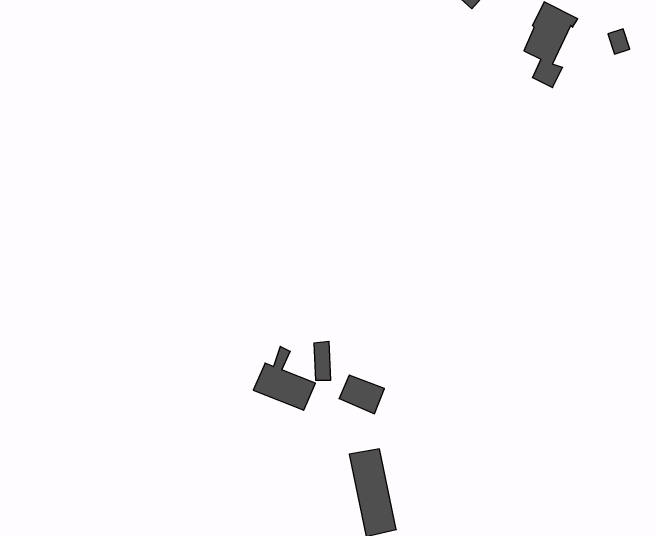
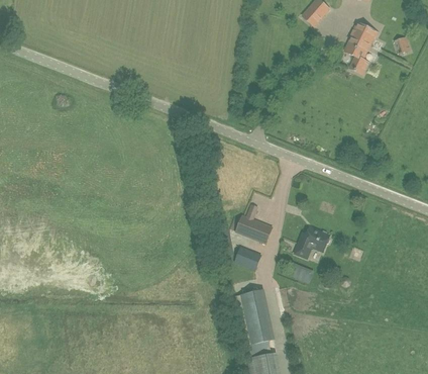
building: none -> [295,227,330,258]
building: [253,346,315,410] -> [235,204,273,243]

